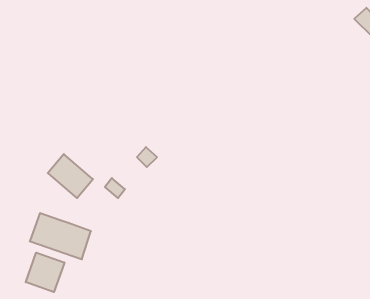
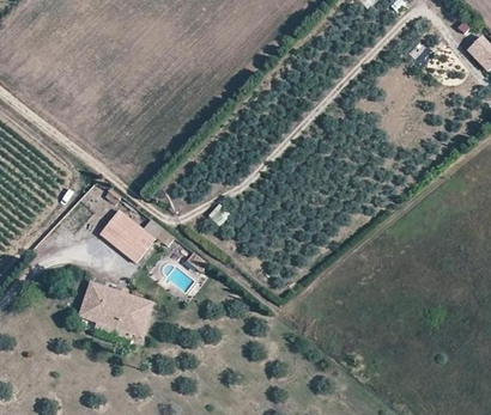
building: [26,253,64,292] -> none

